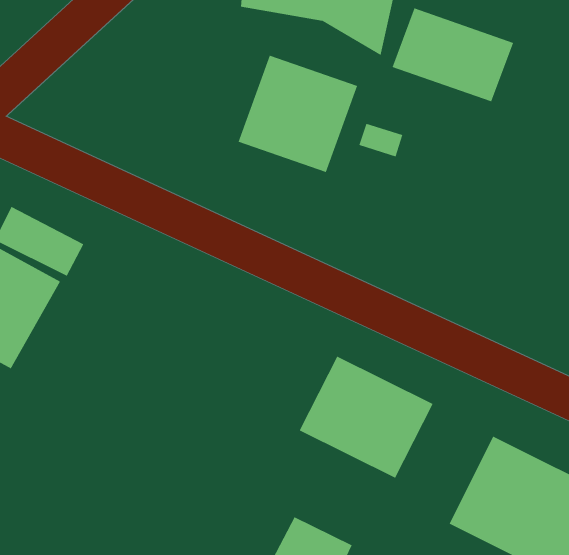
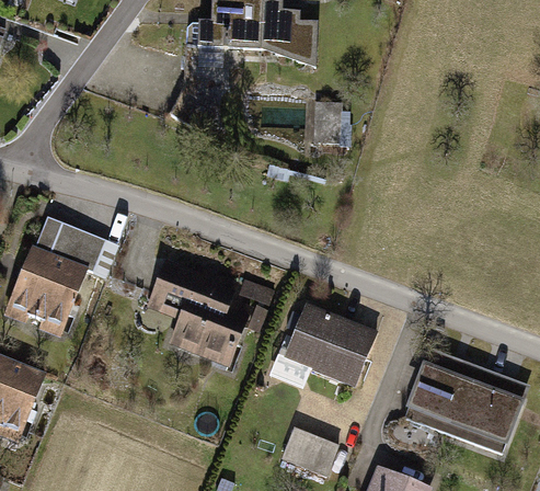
building: [392,8,514,102] -> none
building: [238,55,358,173] -> none
building: none -> [142,260,267,368]

